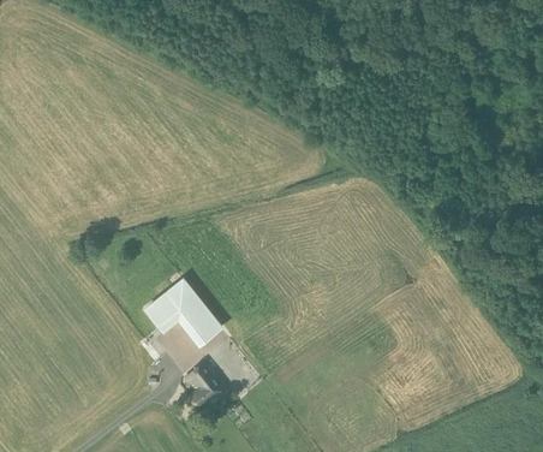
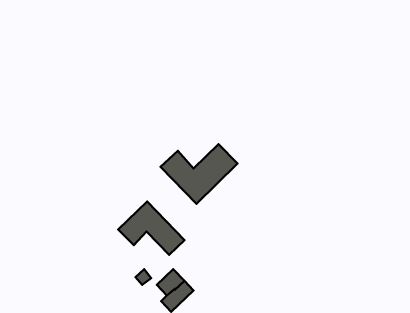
building: none -> [161,144,238,204]

